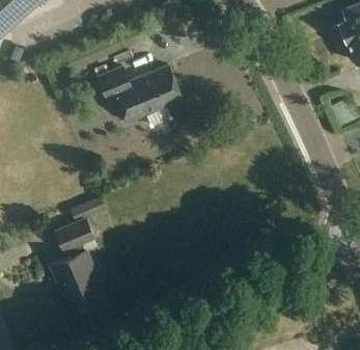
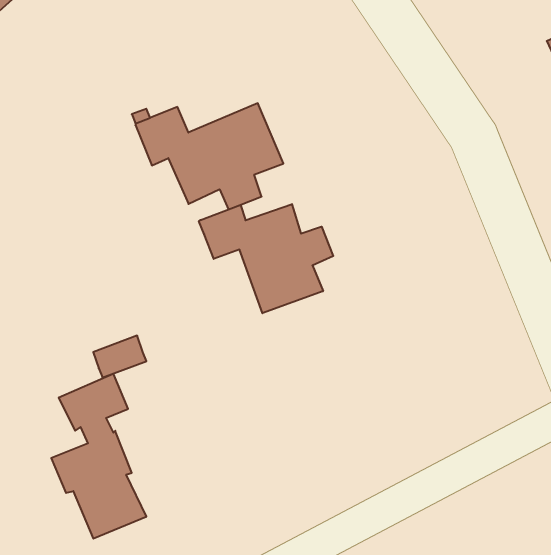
building: none -> [199,204,333,313]

